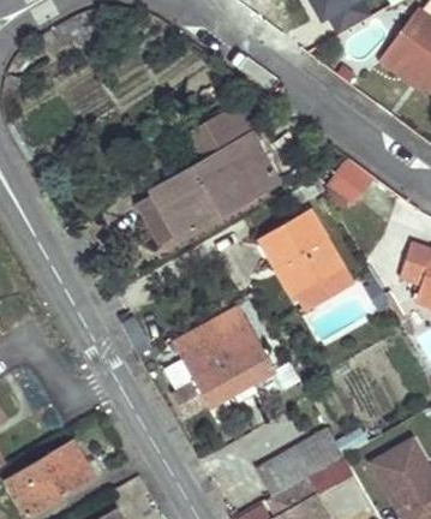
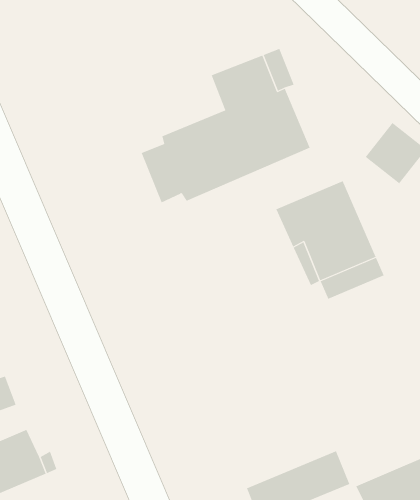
building: [172,308,274,413] -> none

